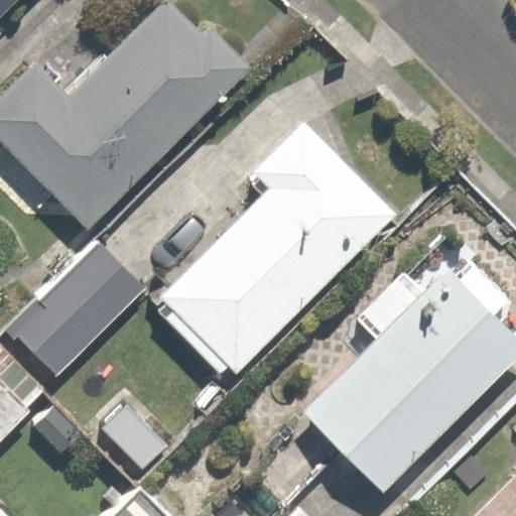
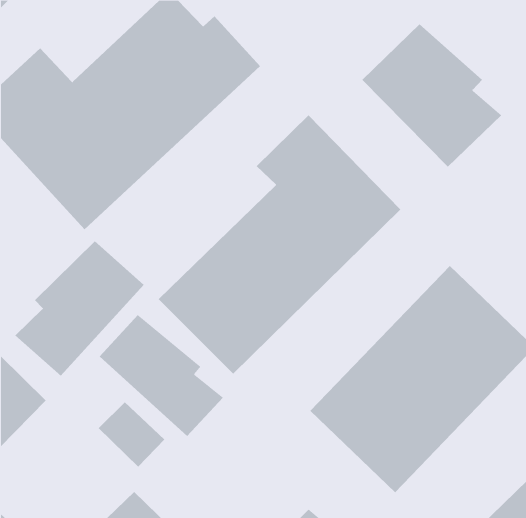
building: none -> [362,24,502,167]
building: none -> [99,314,224,437]

